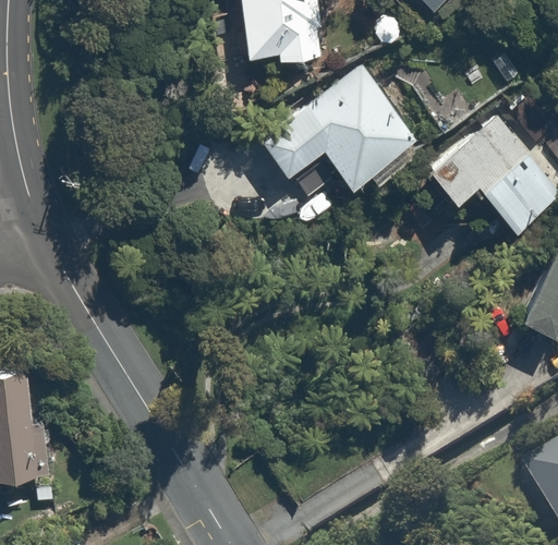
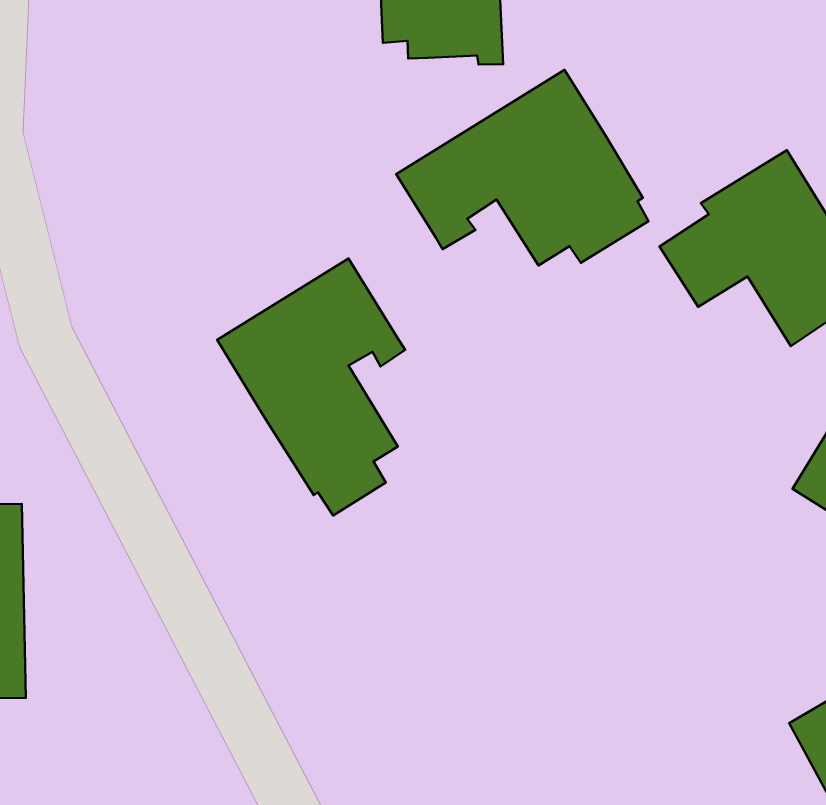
building: none -> [217,259,405,516]

